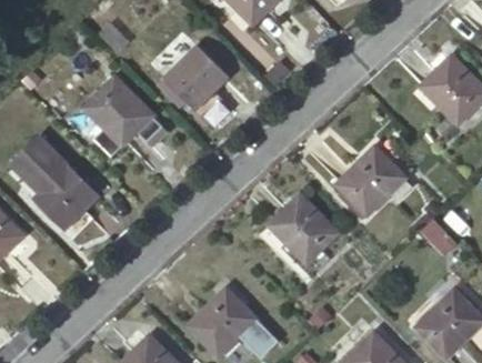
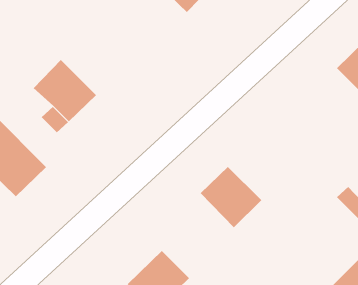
building: [164,47,227,109] -> none
building: [335,147,404,214] -> none

